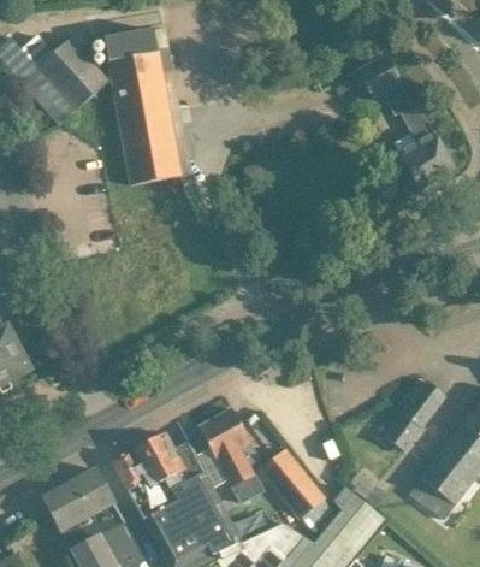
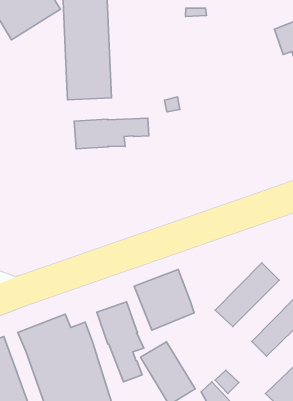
building: none -> [74,118,149,149]
building: none -> [215,263,279,327]
building: none -> [134,270,194,330]

